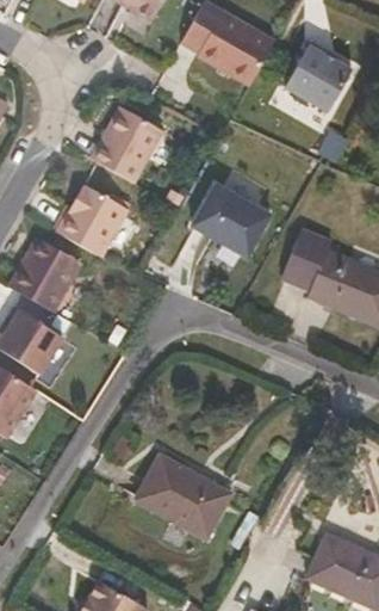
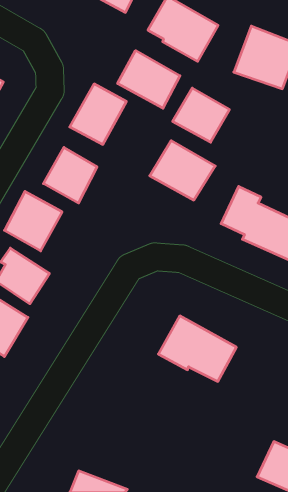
building: none -> [118,51,180,108]
building: none -> [173,88,229,142]
building: [145,464,241,544] -> [158,316,236,381]

